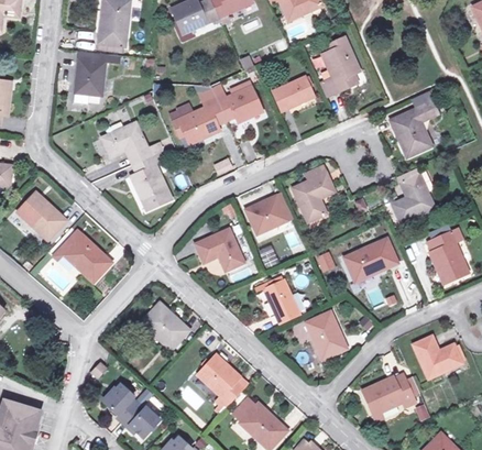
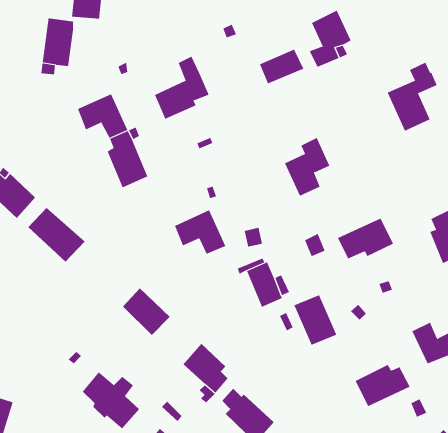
building: [218,88,262,123] -> none
building: [392,167,436,219] -> none
building: [248,196,289,232] -> none

